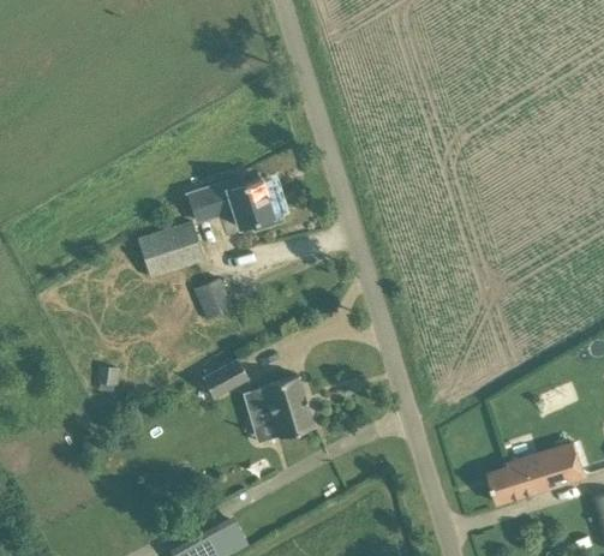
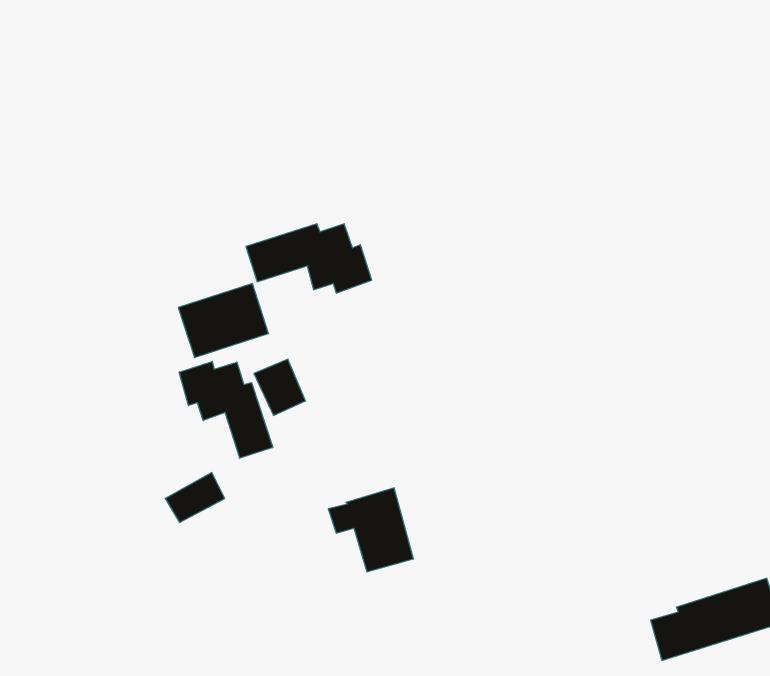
building: none -> [179,361,273,458]
building: [202,359,246,396] -> [165,473,225,523]

